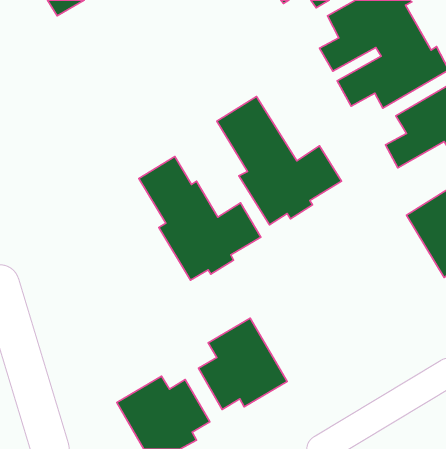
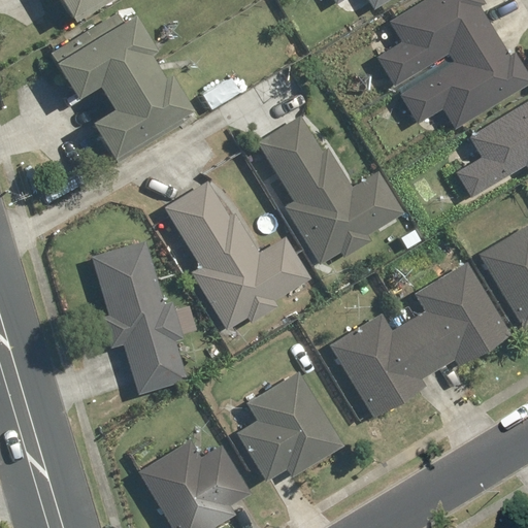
building: none -> [50,13,193,155]
building: none -> [94,244,186,396]
building: none -> [331,262,510,418]

